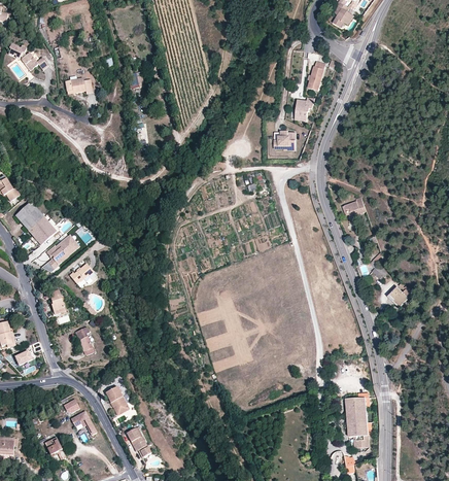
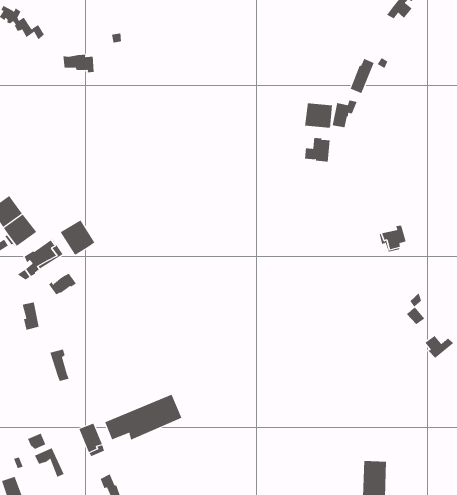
building: none -> [305,102,332,128]
building: none -> [60,220,95,255]
building: none -> [105,394,182,440]

